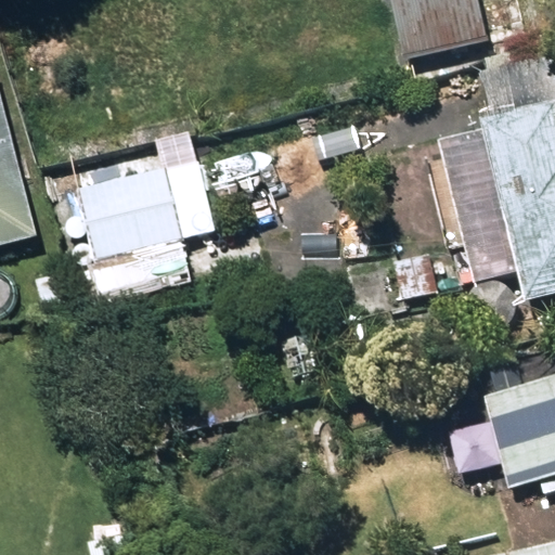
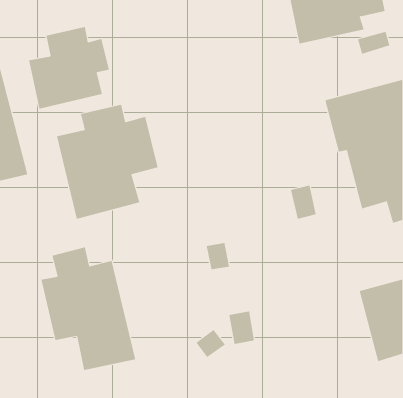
building: none -> [28,26,109,110]
building: none -> [41,247,136,371]

